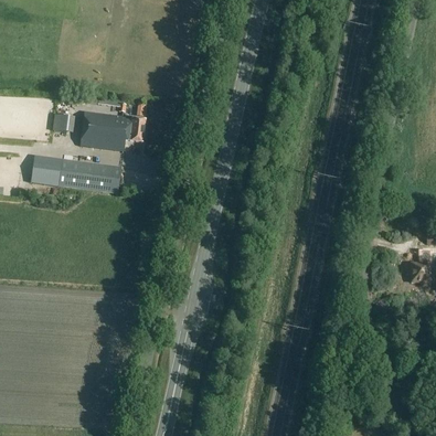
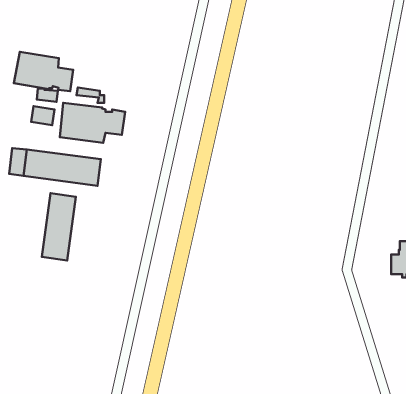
building: none -> [14,52,73,91]
building: none -> [42,193,76,261]

